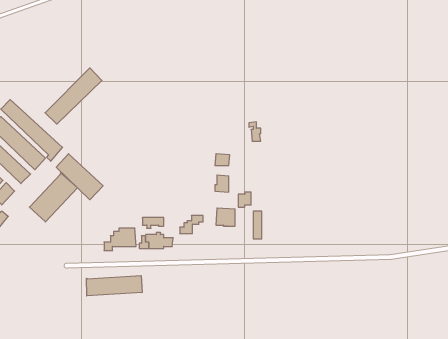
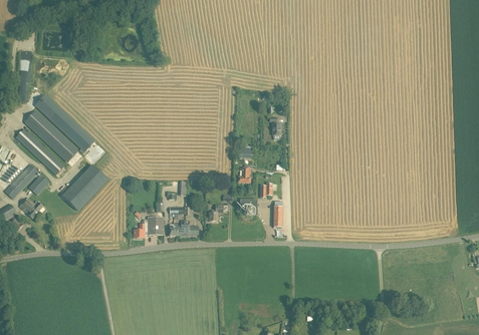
building: [45,68,102,124] -> none
building: [56,154,103,200] -> none
building: [87,276,142,296] -> none

